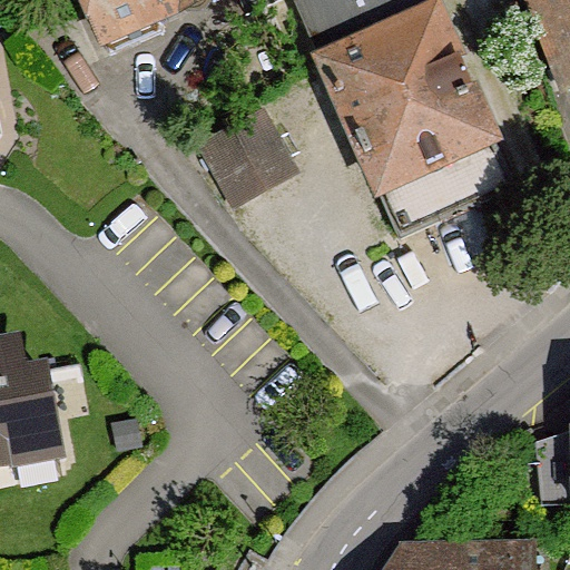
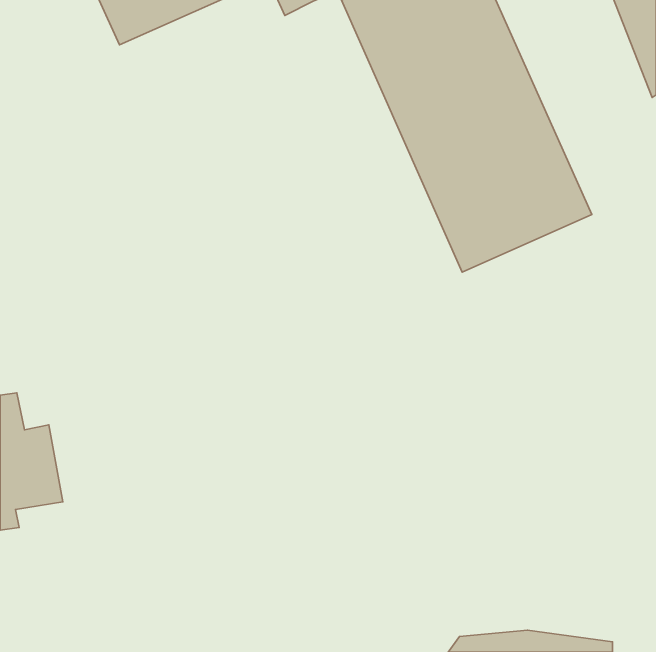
building: [203,112,294,204] -> none

